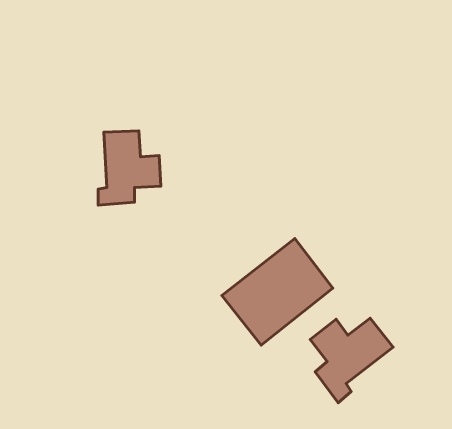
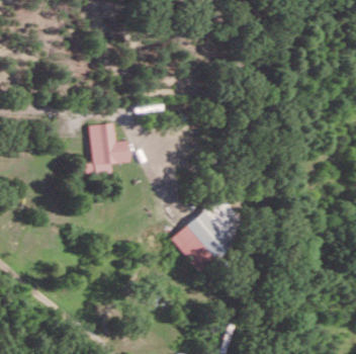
building: [310,318,393,403] -> none

